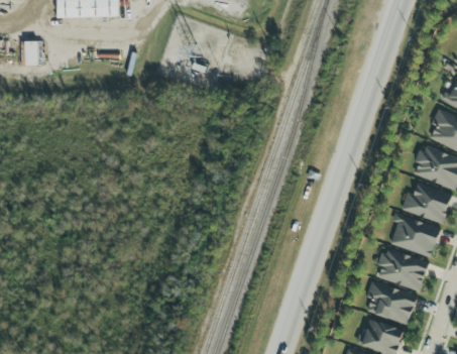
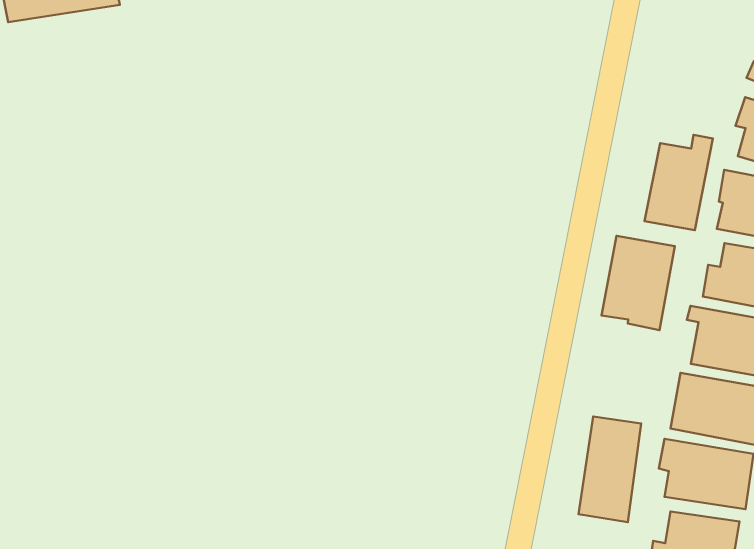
building: none -> [645,135,713,230]
building: none -> [602,236,675,330]
building: none -> [578,417,641,522]

